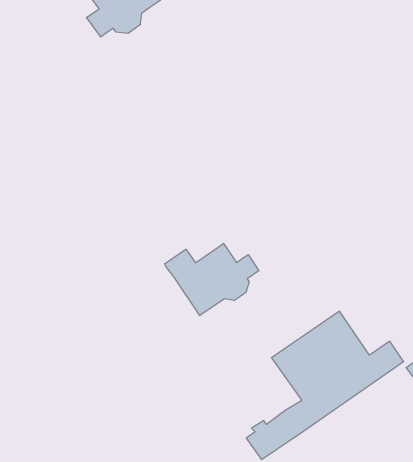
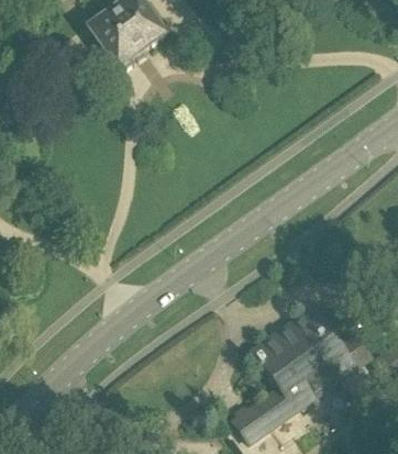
building: [165,243,259,316] -> none

